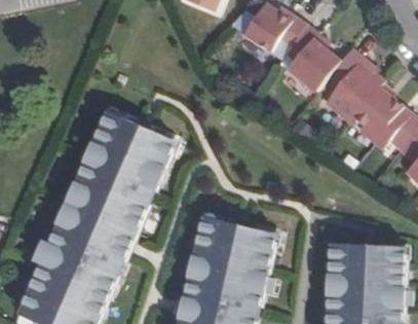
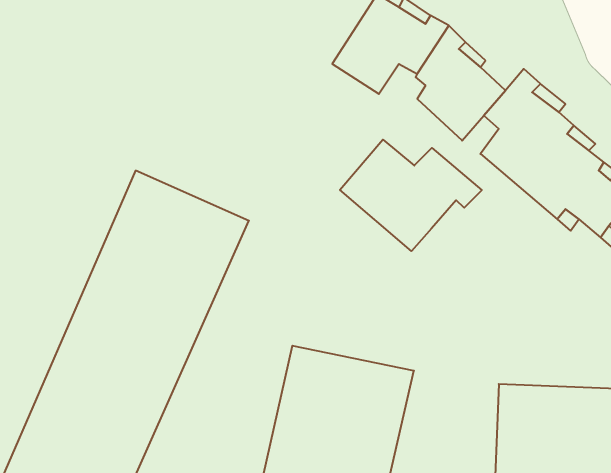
building: none -> [340,140,482,251]

